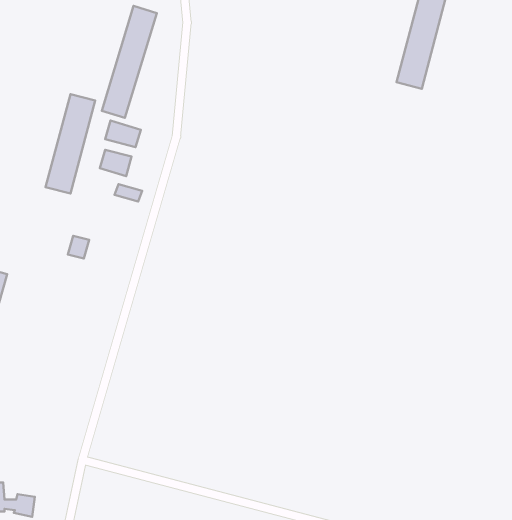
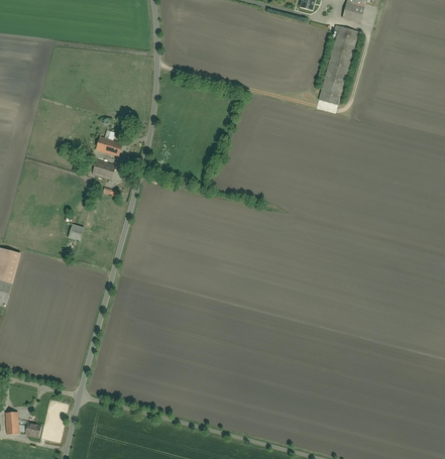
building: [102,6,157,118] -> none
building: [46,94,95,194] -> none

